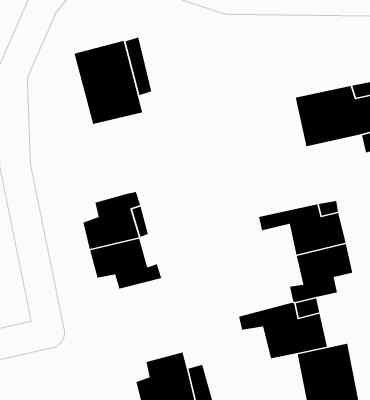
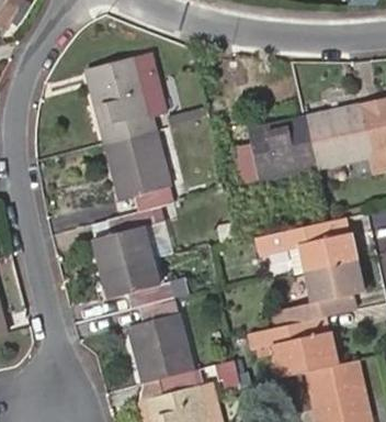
building: none -> [236,116,316,181]
building: none -> [104,132,173,212]
building: none -> [129,296,194,382]

